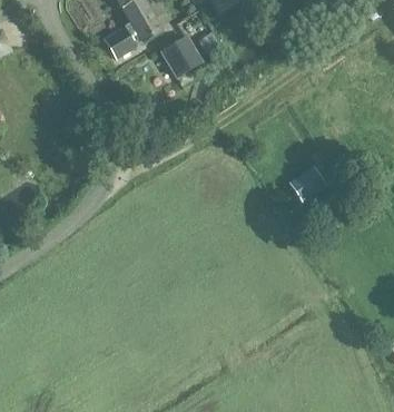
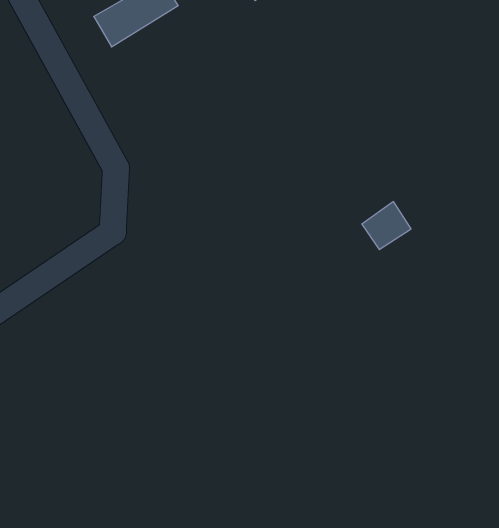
building: [159,35,195,76] -> none

